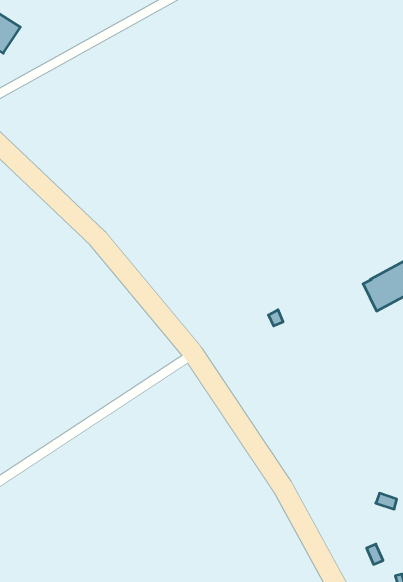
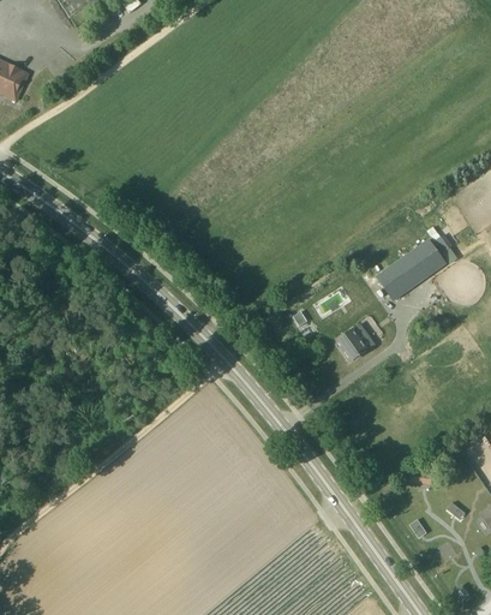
building: none -> [337,323,375,359]

